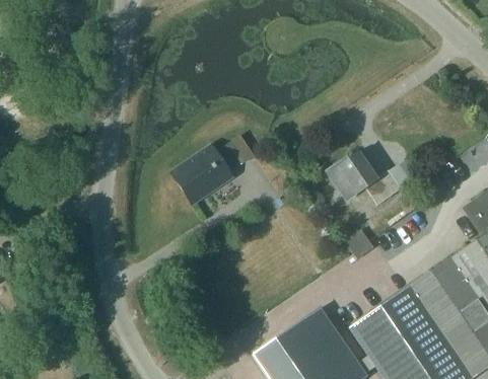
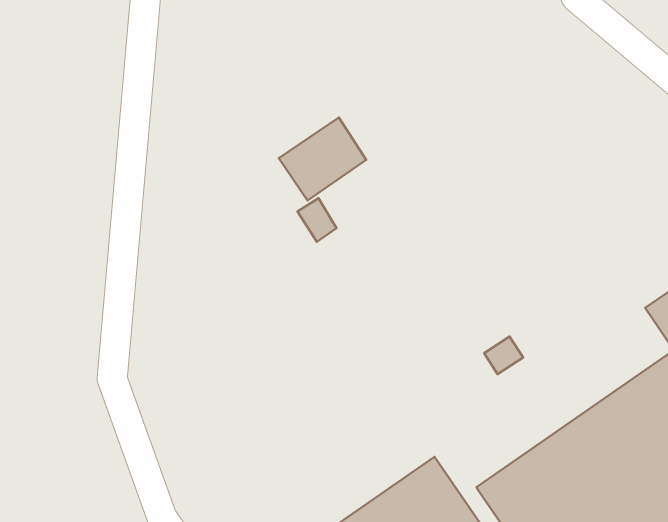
building: [170,144,229,200] -> [279,118,366,200]
building: [327,151,401,203] -> none

